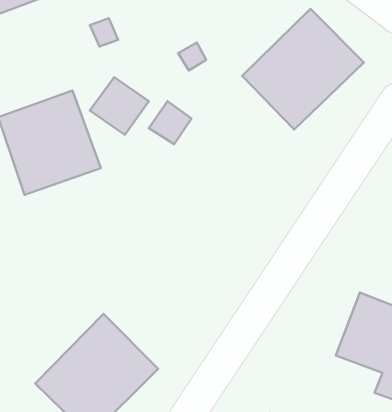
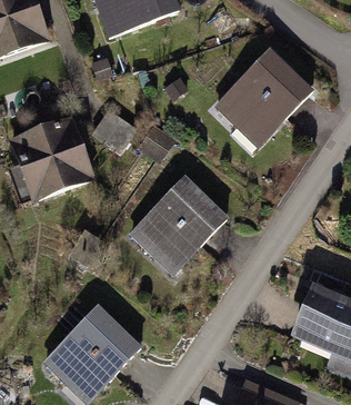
building: none -> [128,174,230,276]

